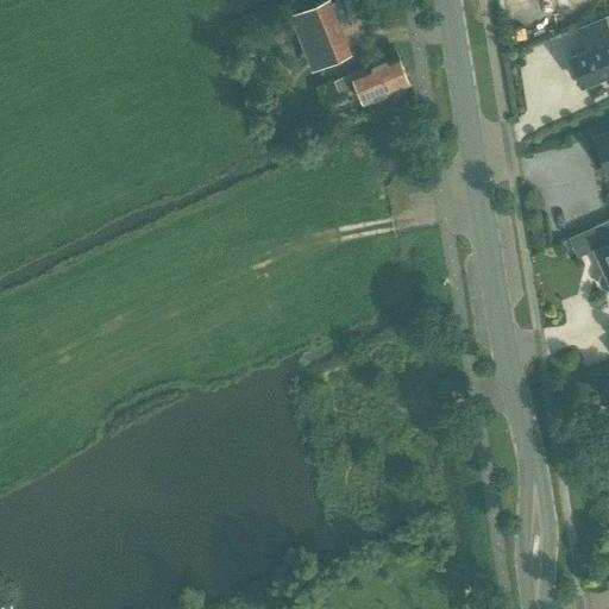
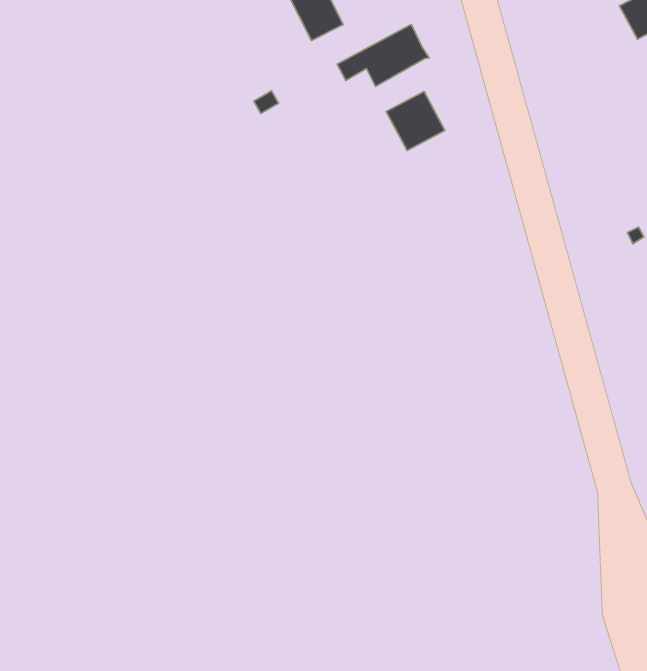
building: none -> [386,92,445,151]

